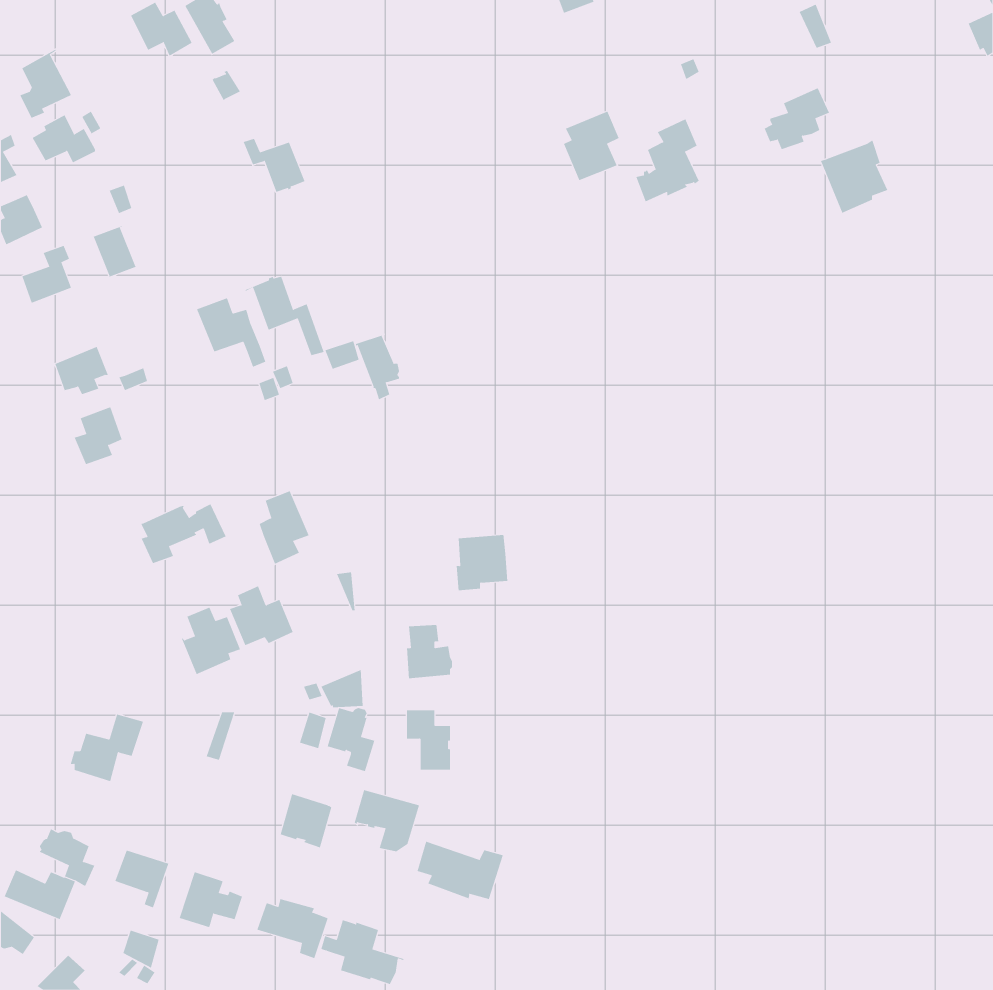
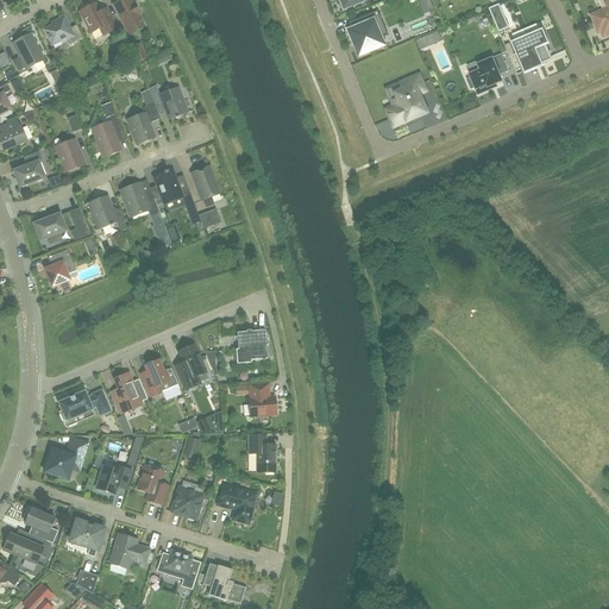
building: [563,111,620,181] -> [351,10,385,52]
building: [32,115,96,163] -> [44,14,83,44]
building: [820,139,888,213] -> [511,27,553,73]
building: none -> [127,101,161,143]
building: none -> [92,114,121,158]
building: none -> [84,194,127,230]
building: [355,334,400,400] -> [192,165,219,206]
building: [259,491,309,565] -> [175,344,206,389]
building: [141,504,226,564] -> [58,389,111,426]
building: [456,534,508,591] -> [236,328,268,363]
building: [327,708,375,772] -> [138,464,168,503]
building: none -> [96,463,132,492]
building: [417,841,503,900] -> none

